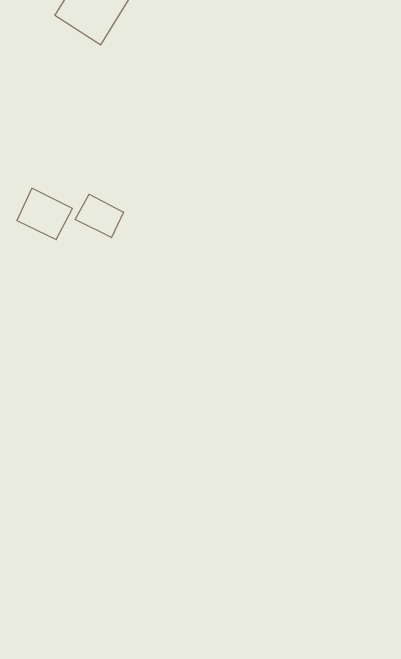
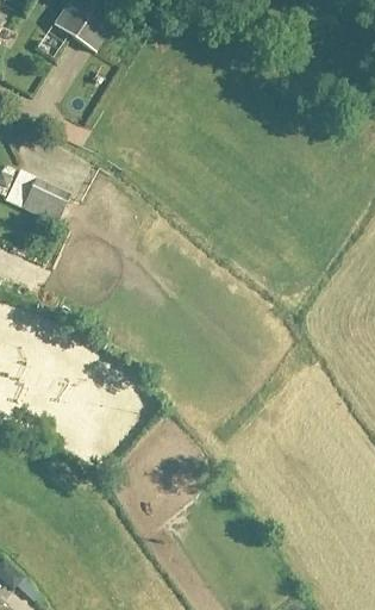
building: [75,194,124,238] -> none

